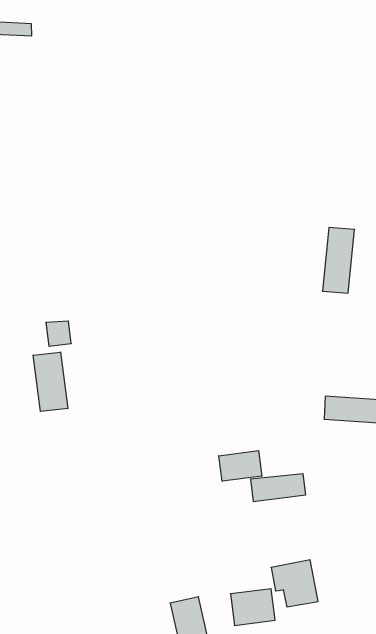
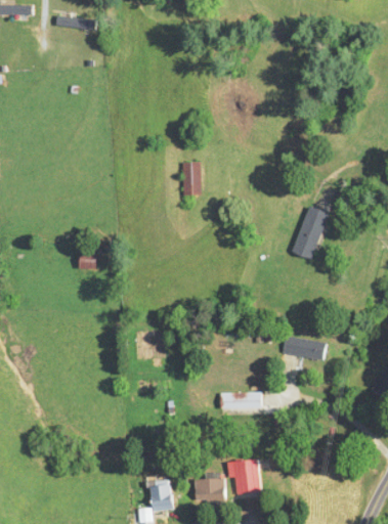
building: none -> [183,162,201,195]
building: [33,352,68,411] -> none
building: [219,451,262,481] -> none

